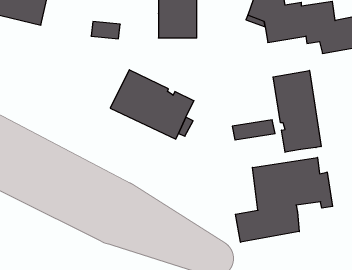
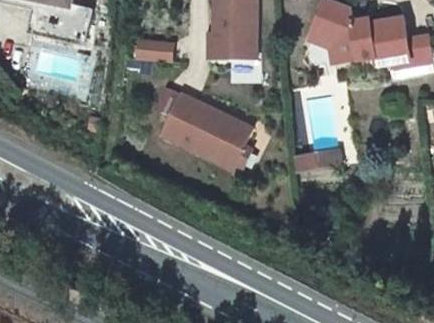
building: [273,70,321,152] -> none
building: [235,157,333,242] -> none

